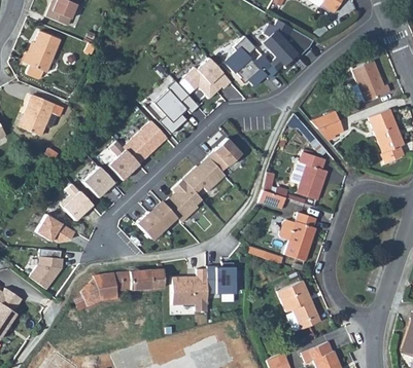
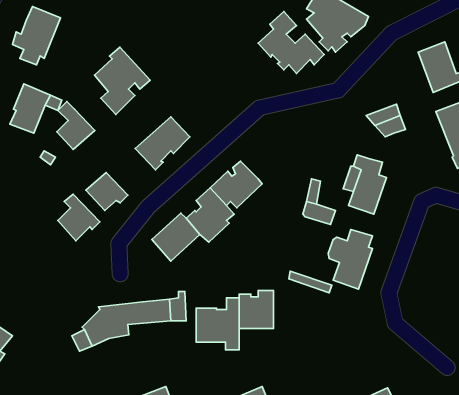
building: [183,58,232,99] -> none
building: [154,80,200,135] -> [94,47,150,114]
building: [209,138,243,172] -> none
building: [109,141,140,180] -> [57,101,95,150]
building: [36,215,76,243] -> none
building: [31,256,65,290] -> none
building: [277,280,320,329] -> none

